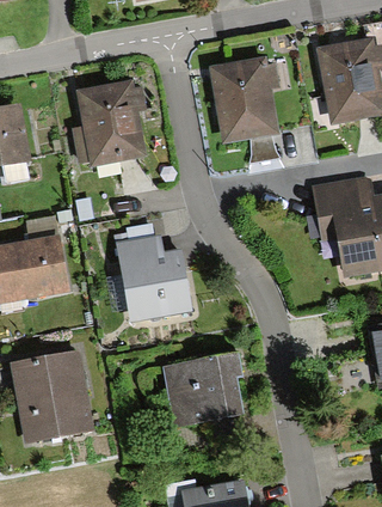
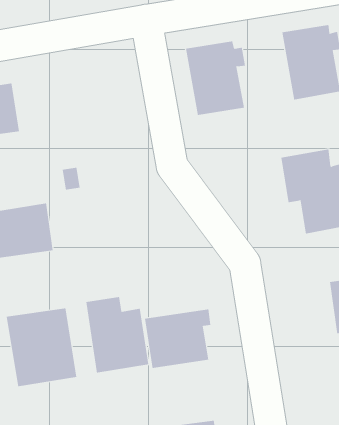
building: [72,80,144,165] -> none
building: [119,234,190,319] -> [85,296,149,373]

